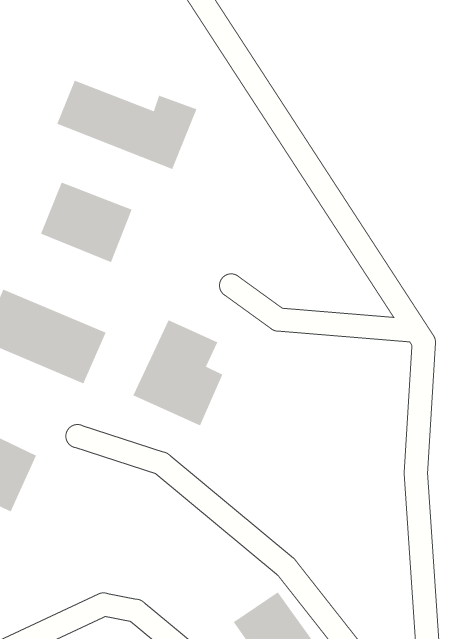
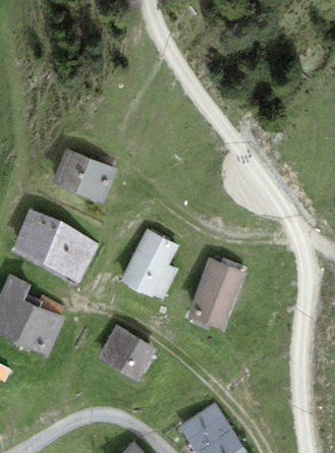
building: [56,80,197,170] -> none
building: none -> [190,260,246,327]
building: none -> [96,326,153,377]

